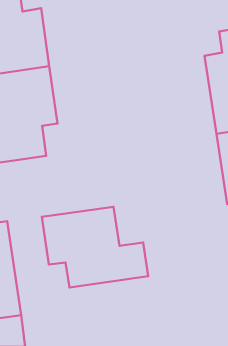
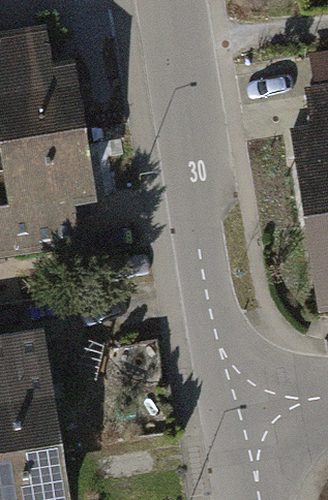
building: [42,207,148,287] -> none

